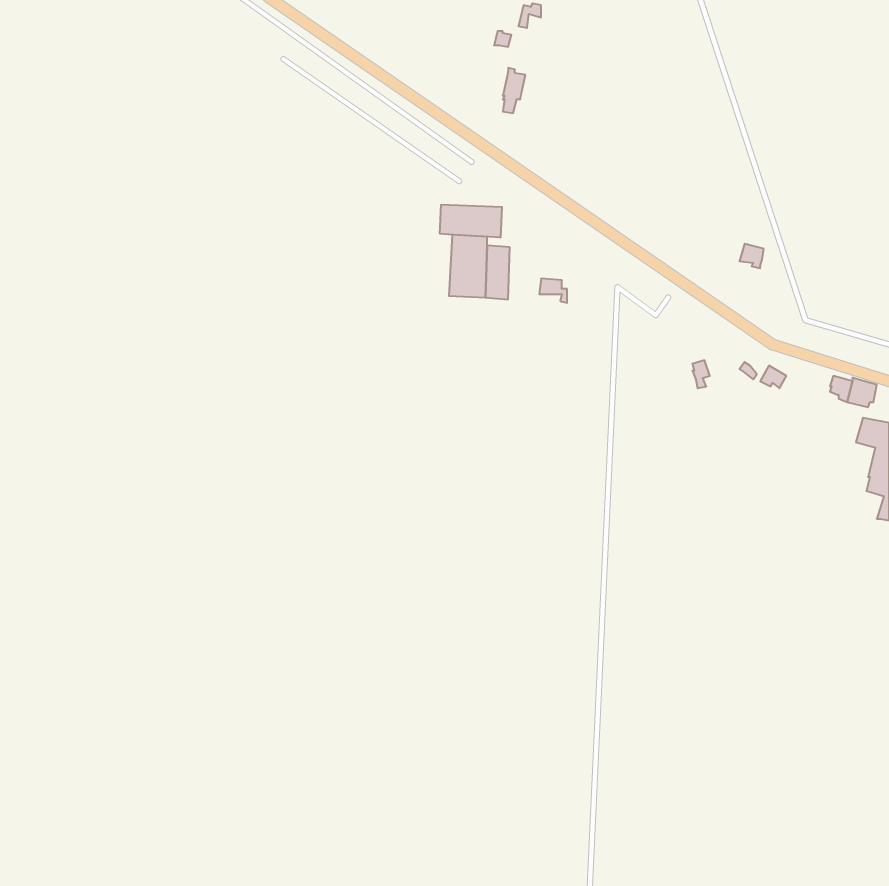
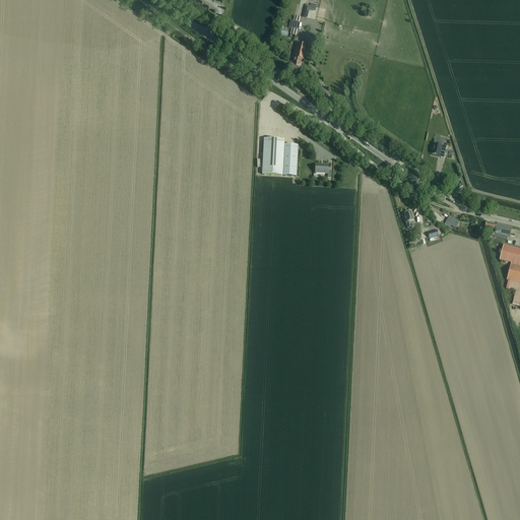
building: [440,205,502,238] -> none

